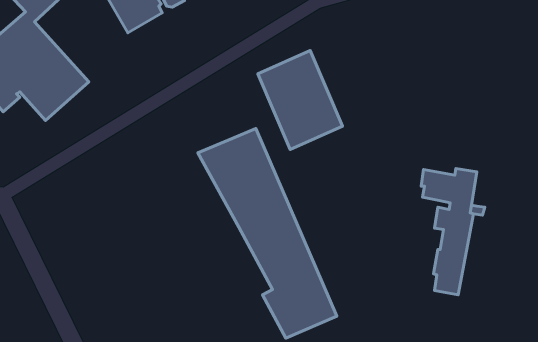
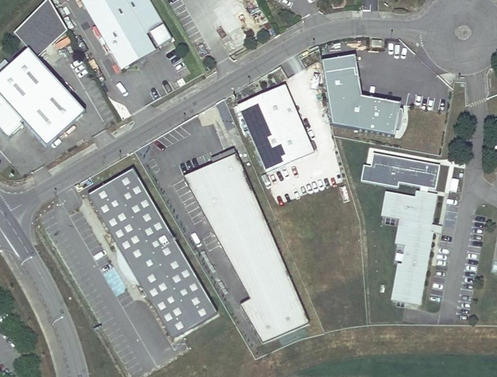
building: none -> [323,54,403,133]
building: none -> [362,151,440,187]
building: none -> [86,167,216,338]

